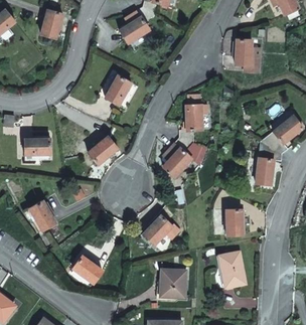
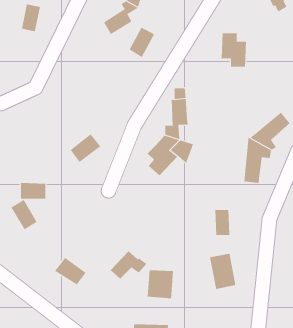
building: [105,74,130,105] -> [129,27,155,58]
building: [25,138,50,154] -> [20,182,46,199]
building: [144,215,180,243] -> [110,250,147,279]

